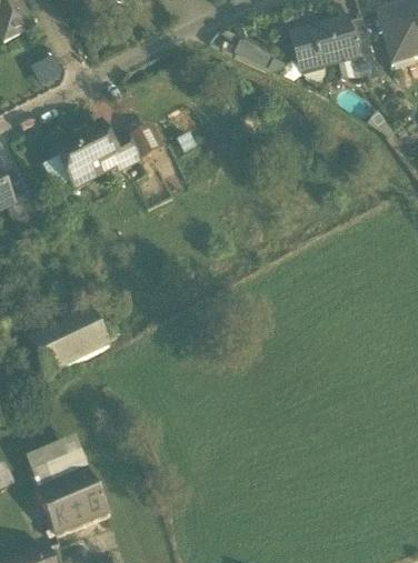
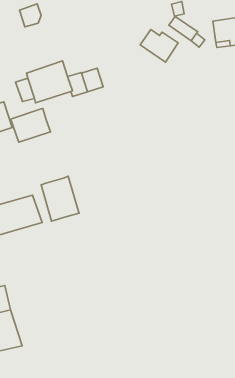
building: none -> [140,30,178,62]
building: none -> [11,108,50,142]
building: none -> [41,176,79,221]

